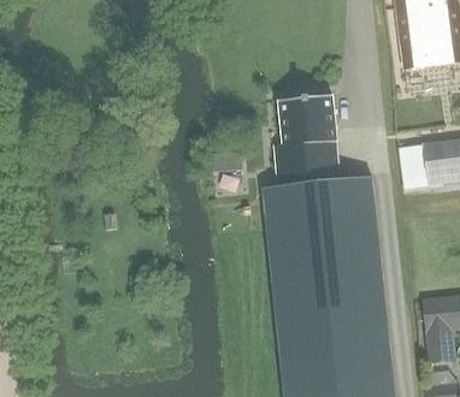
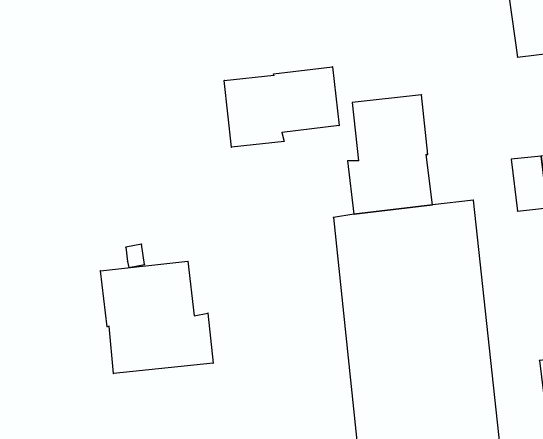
building: none -> [224,67,339,147]
building: none -> [100,261,213,374]

